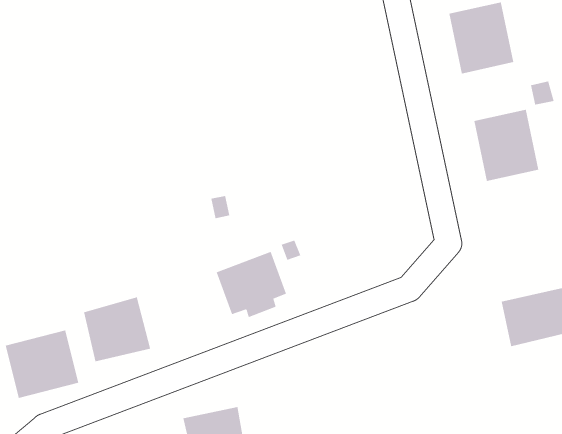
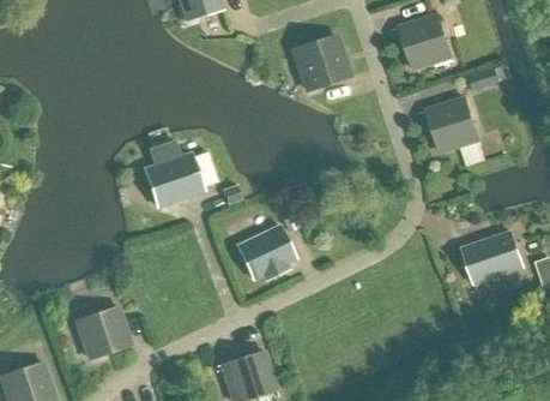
building: none -> [295,36,350,91]
building: none -> [144,139,201,205]
building: [83,297,151,362] -> none

